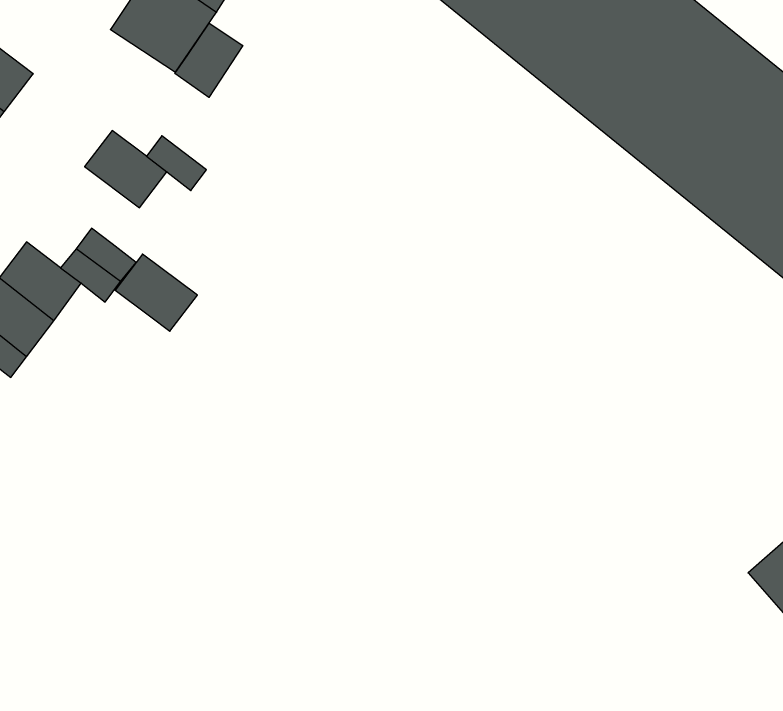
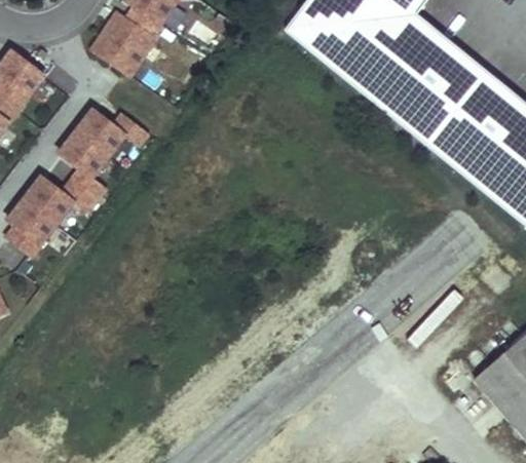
building: [175,23,243,97] -> none
building: [115,254,197,331] -> [60,131,109,178]

